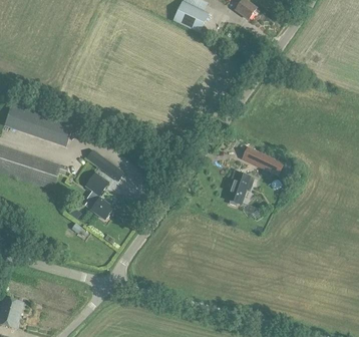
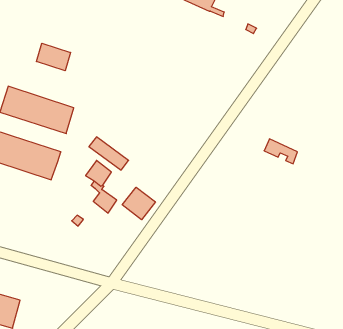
building: none -> [36,43,71,71]
building: [229,172,255,205] -> none
building: none -> [122,187,155,220]

